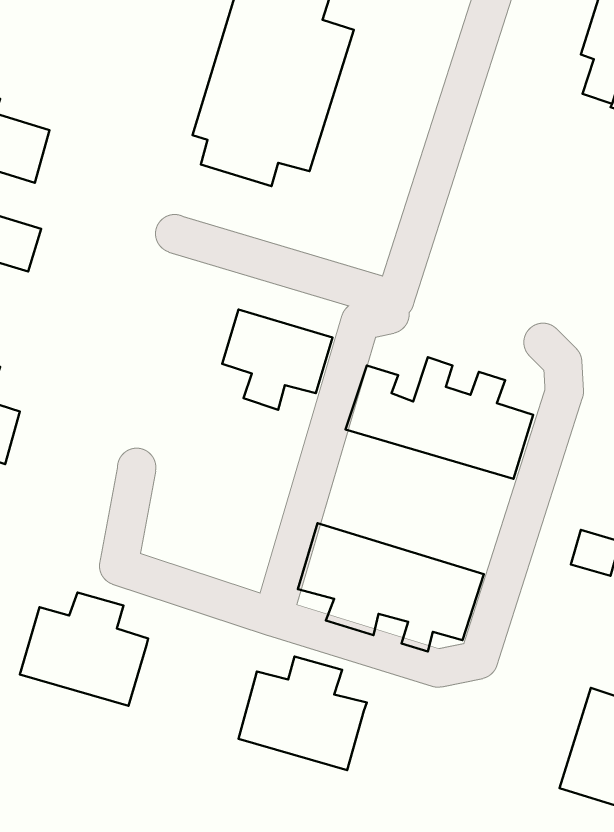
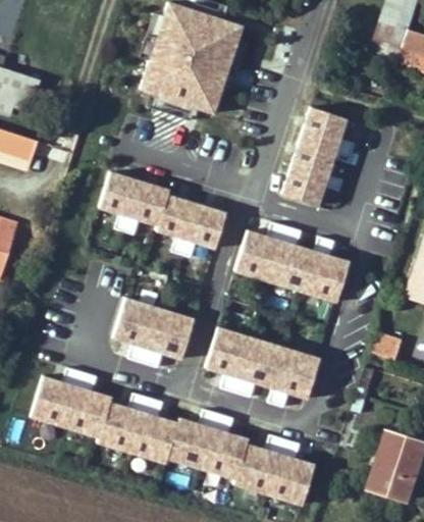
building: none -> [280,103,354,202]
building: none -> [101,171,169,233]
building: none -> [113,298,194,369]
building: none -> [99,394,178,465]
building: none -> [234,434,314,505]

